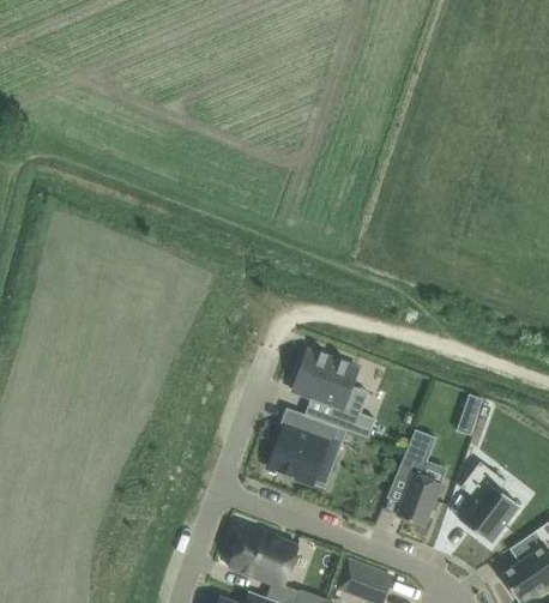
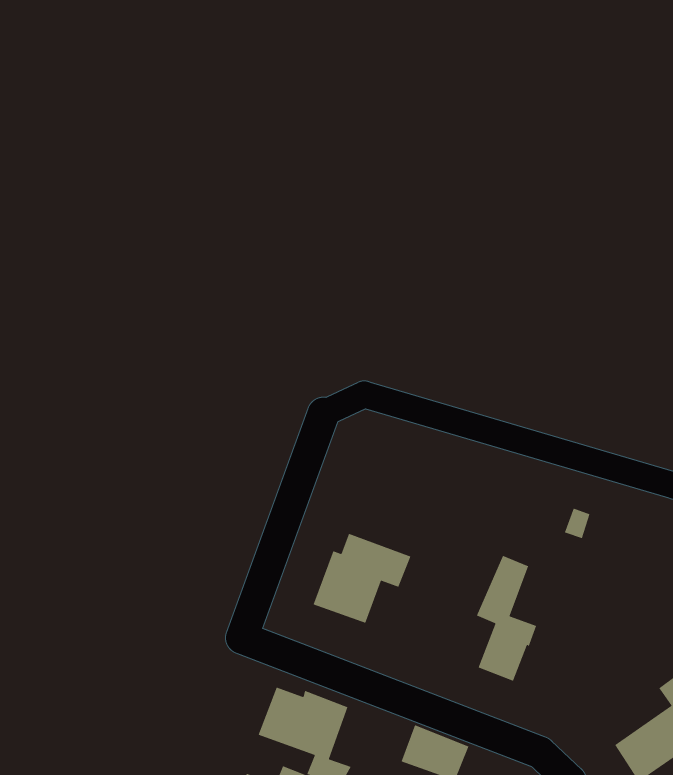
building: [292,351,376,440] -> none
building: [459,463,519,544] -> none

